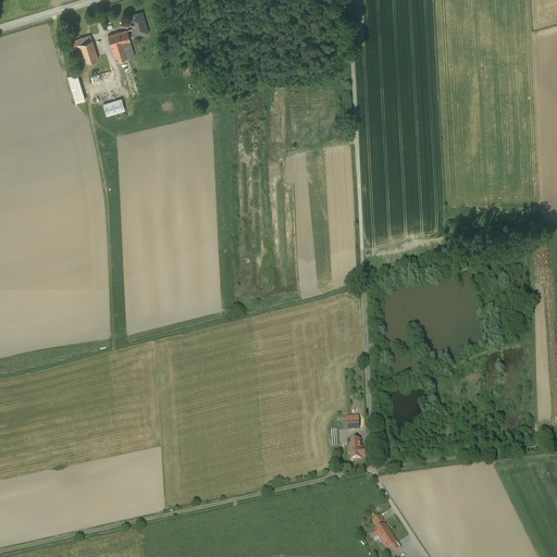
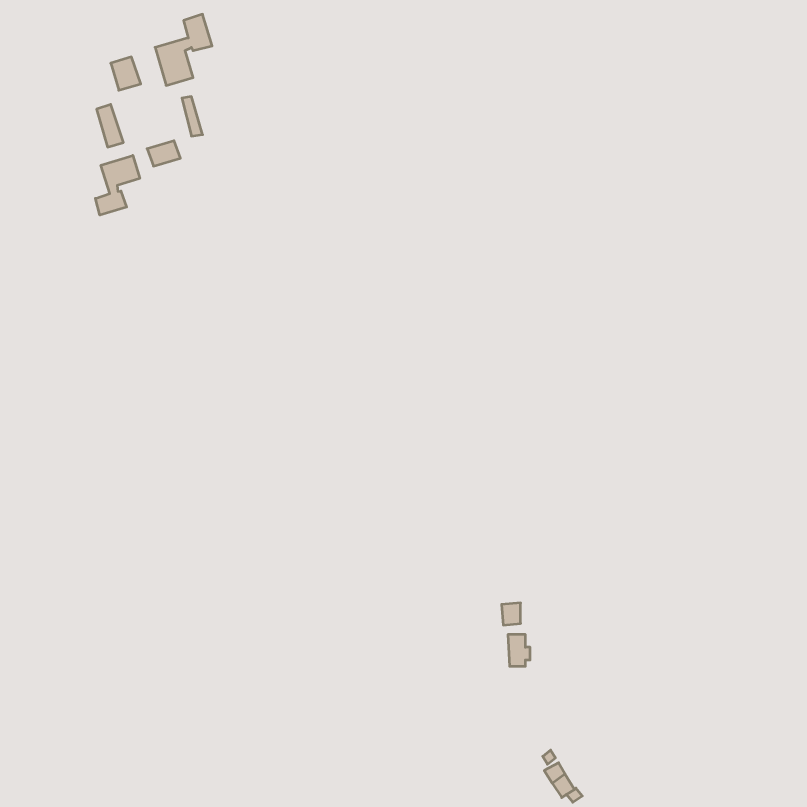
building: none -> [95,155,140,215]

